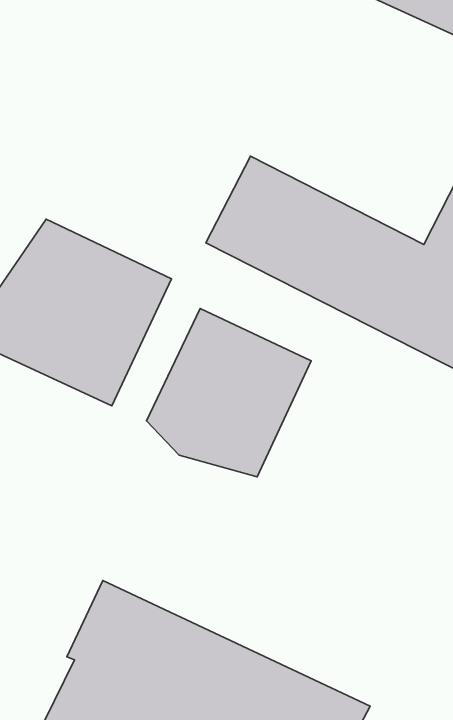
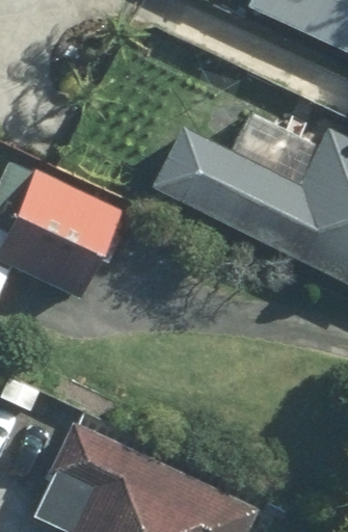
building: [146,308,311,477] -> none

